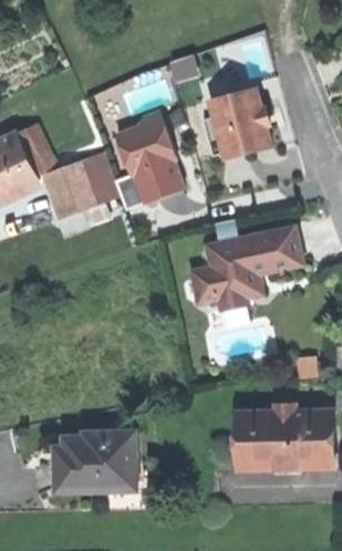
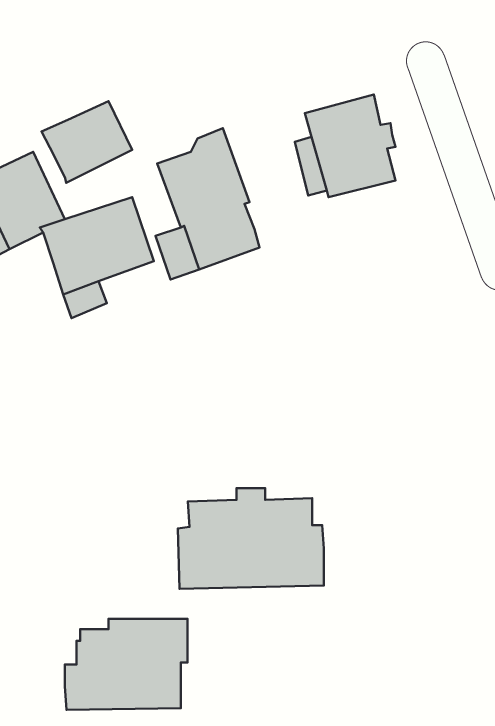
building: none -> [42,101,132,183]
building: [193,227,300,300] -> none
building: [237,403,333,469] -> [178,488,324,589]

